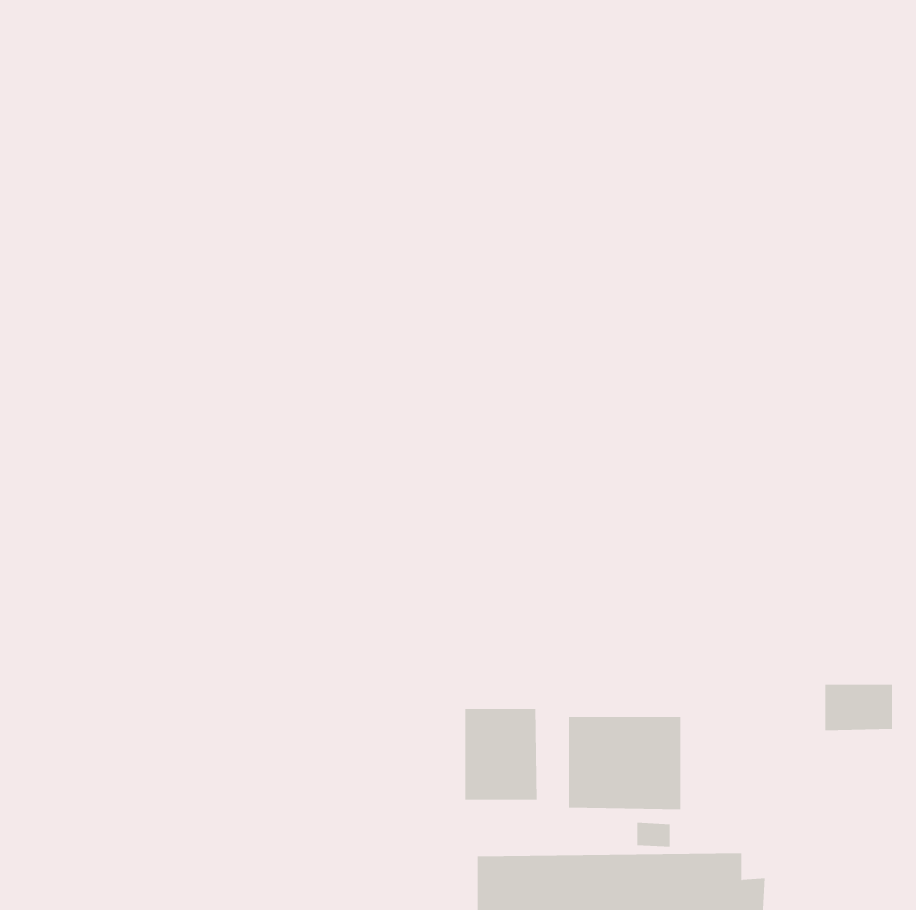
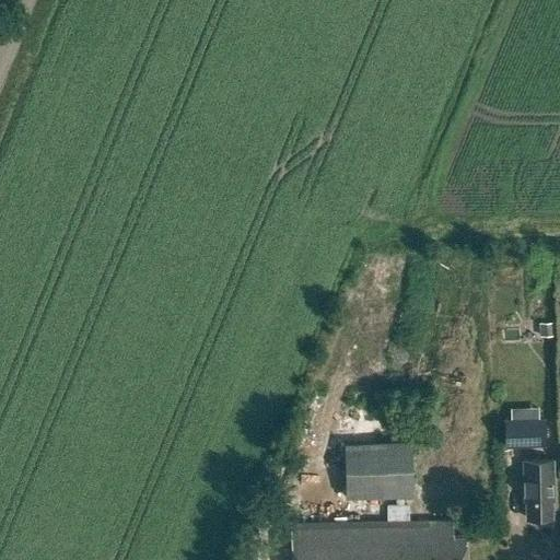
building: [465,708,537,800] -> none
building: none -> [524,464,553,521]

